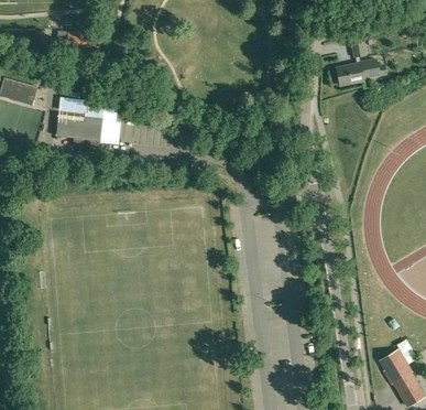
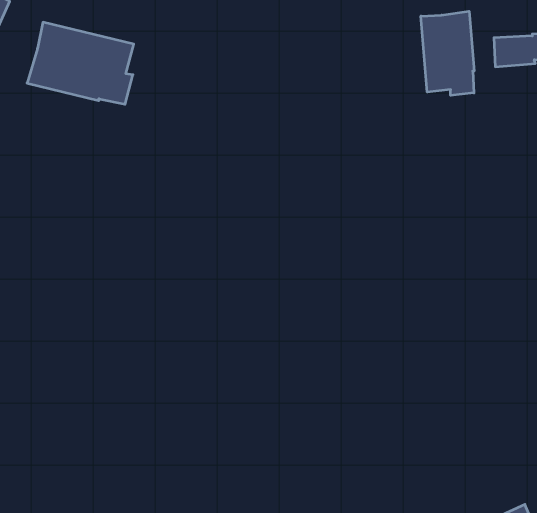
building: none -> [421,11,474,95]

